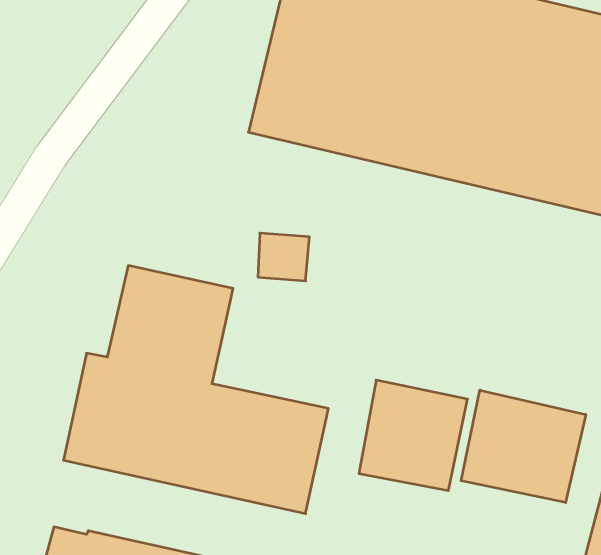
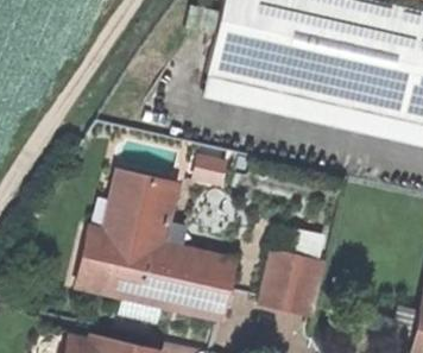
building: [461,390,586,503] -> none

